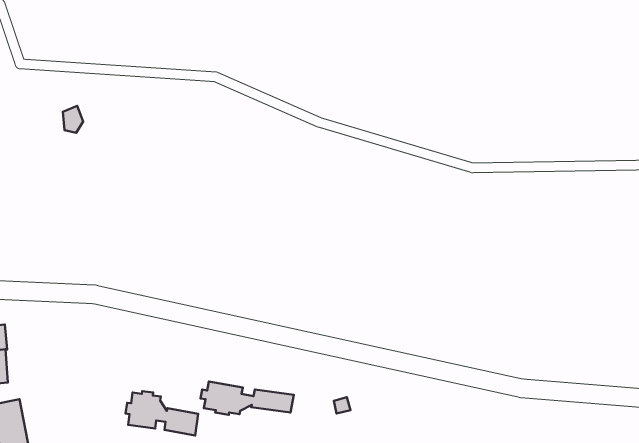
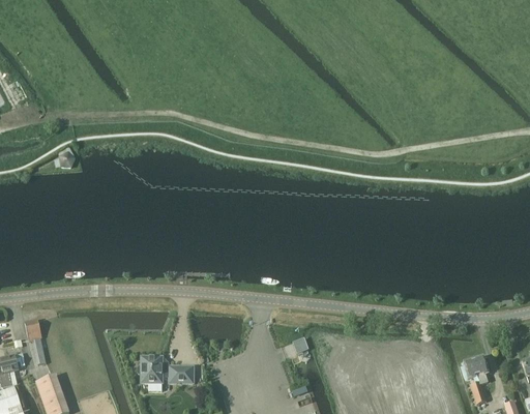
building: [200,382,294,415] -> none

